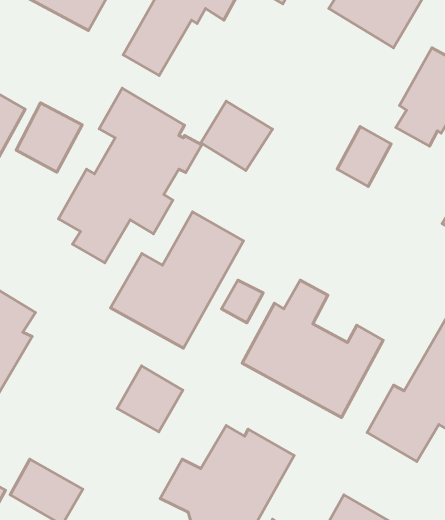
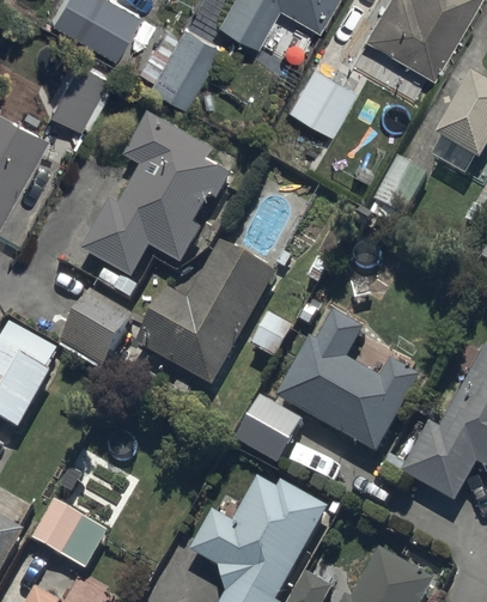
building: [201,101,272,171] -> [281,61,355,133]
building: [16,103,82,172] -> [43,59,111,130]
building: none -> [63,293,134,367]
building: [117,366,183,432] -> [233,397,302,466]

